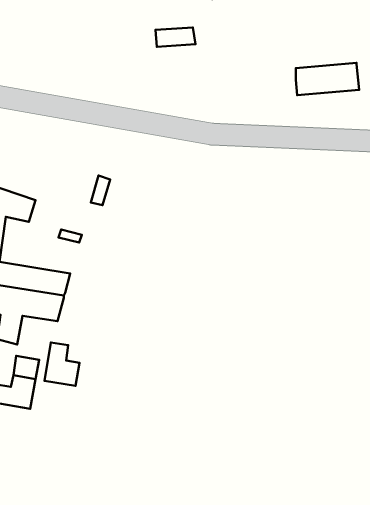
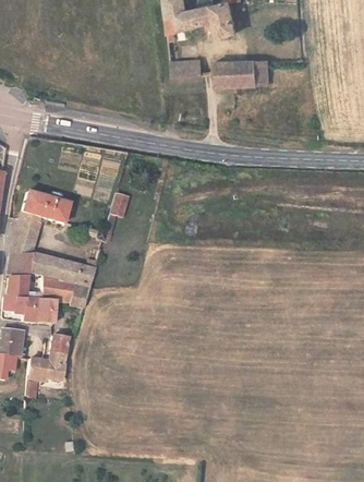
building: [296,63,359,95] -> [215,57,268,84]
building: [45,343,80,386] -> none

